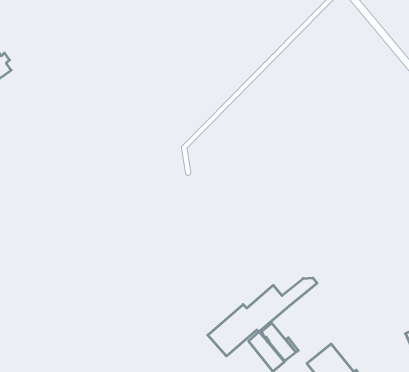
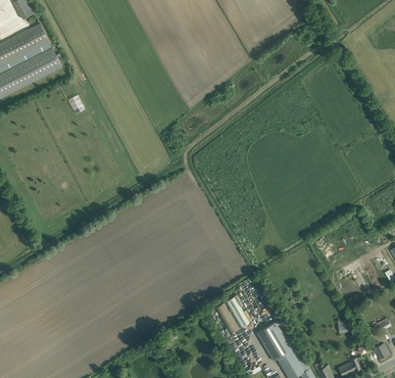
building: [208,278,317,356] -> none

